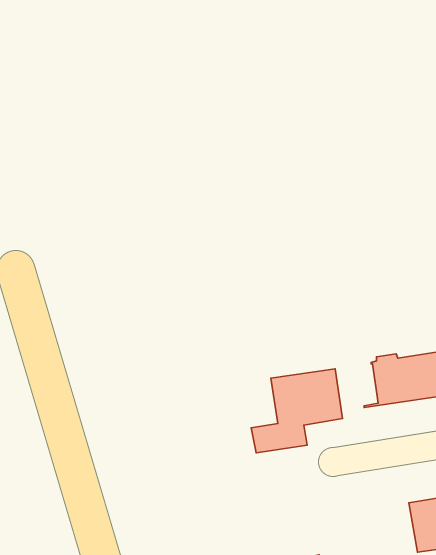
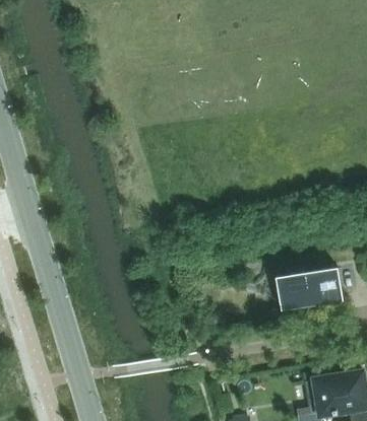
building: [251,369,342,453] -> none

